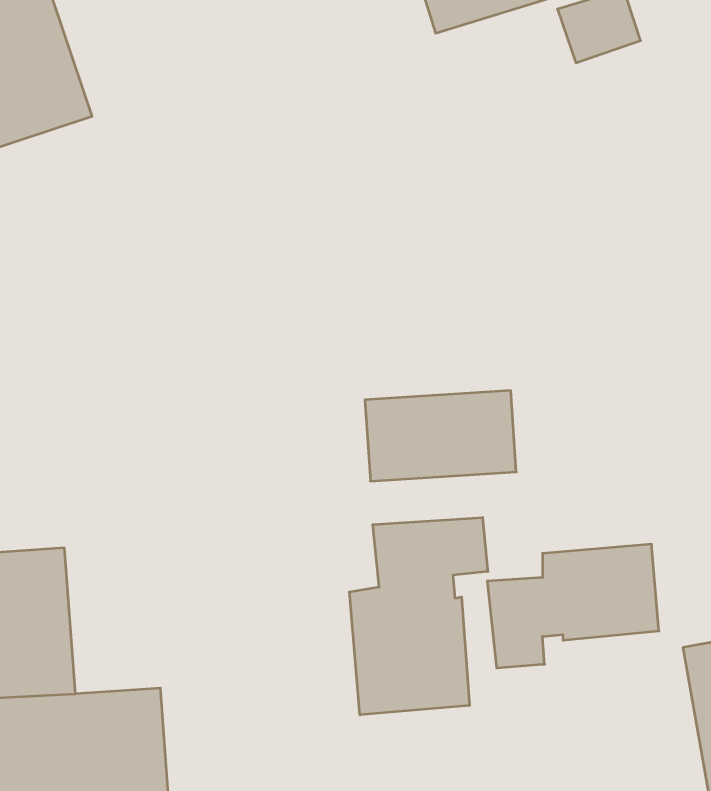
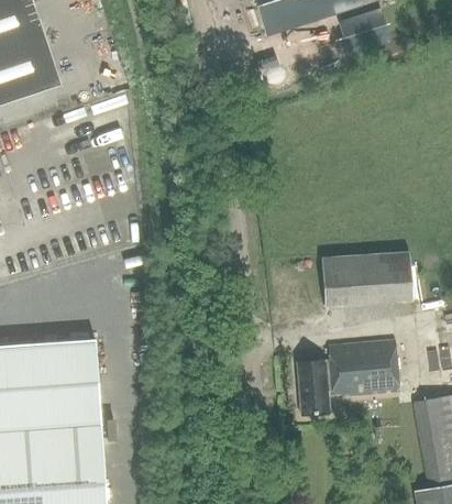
building: [365,391,516,481] -> [320,252,410,306]
building: [349,517,488,715] -> none
building: none -> [44,340,101,430]

